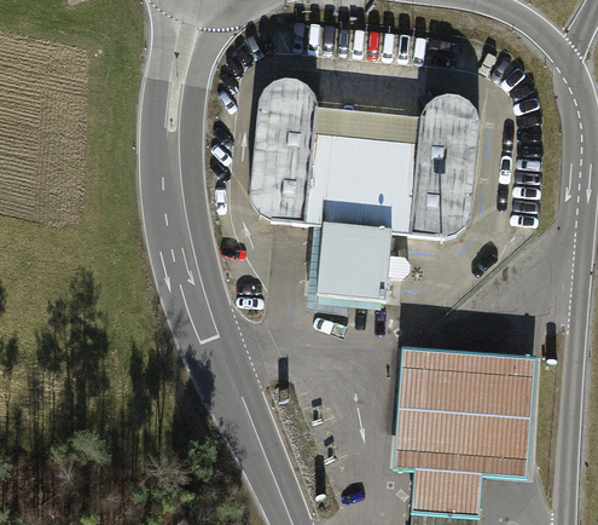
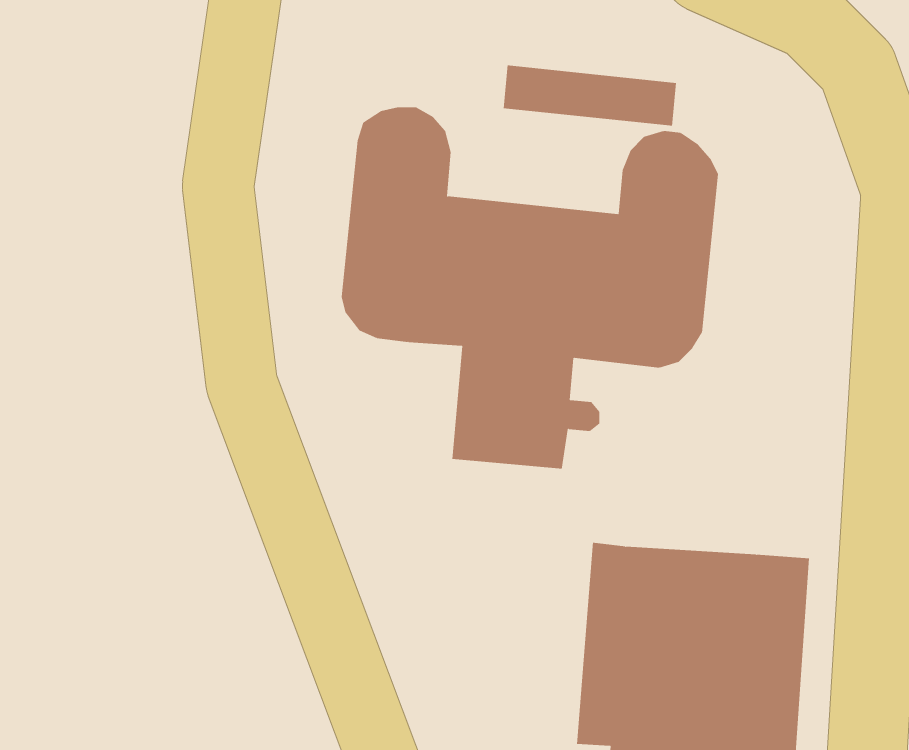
building: [314,106,420,144] -> [503,65,677,126]

